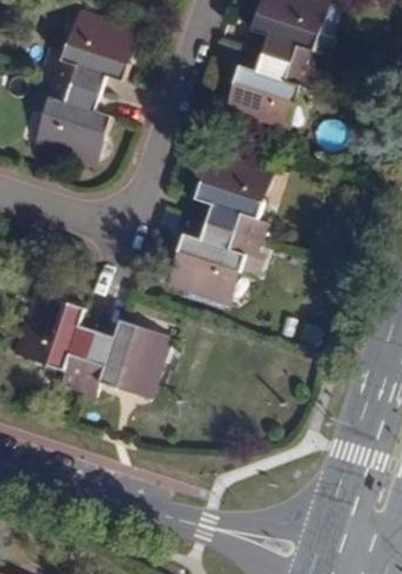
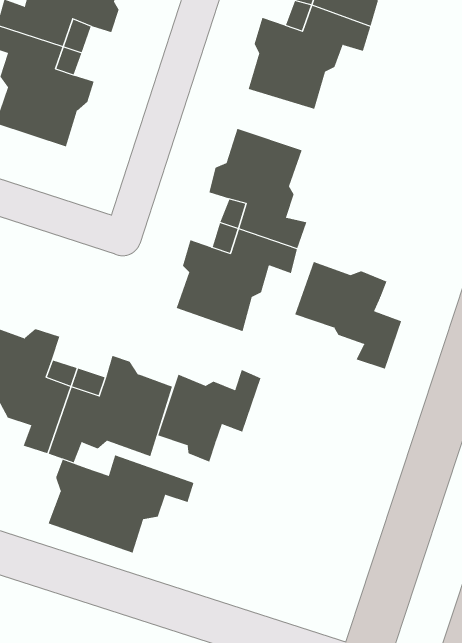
building: none -> [294,261,402,370]
building: none -> [157,369,261,462]
building: none -> [48,455,194,553]

